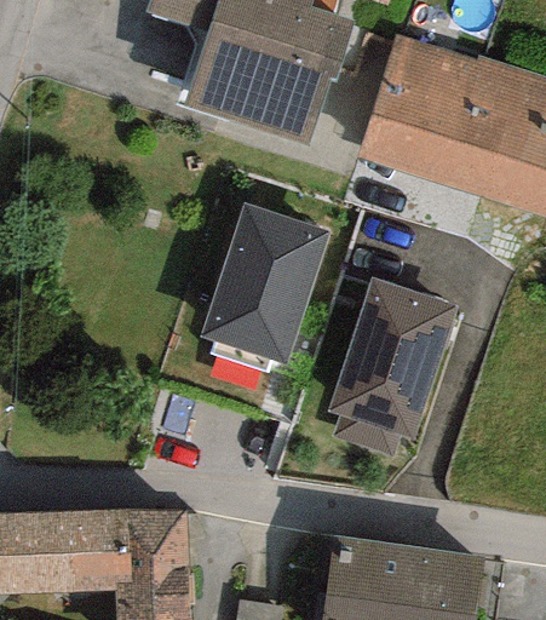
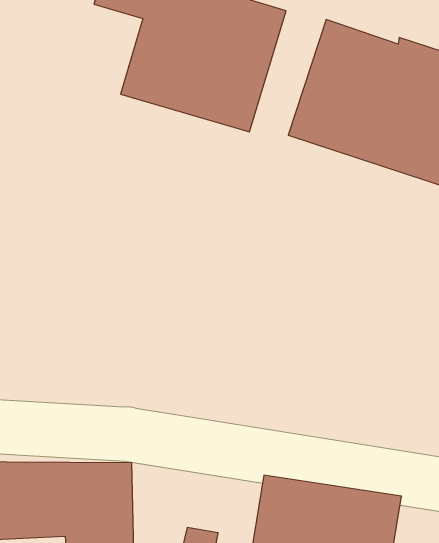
building: [201,206,328,369] -> none
building: [323,275,462,454] -> none

